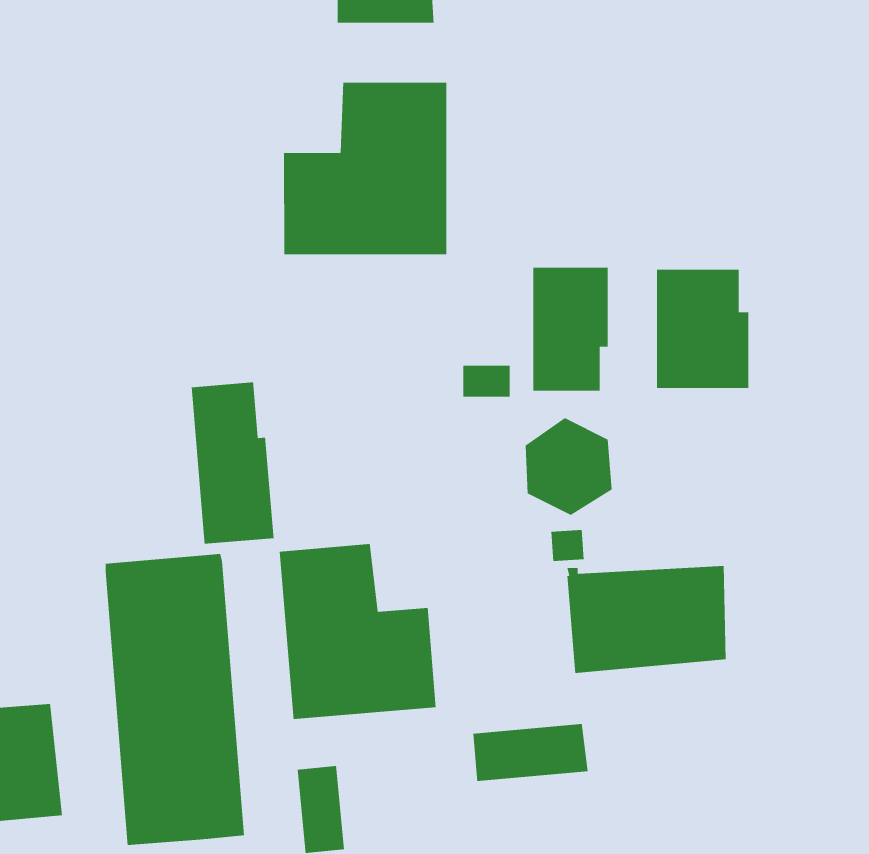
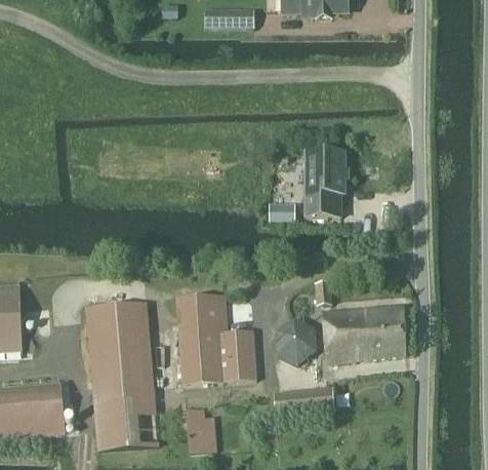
building: [284,82,447,255] -> none
building: [656,269,749,389] -> none
building: [191,382,274,545] -> none
building: [525,417,613,516] -> [275,311,320,361]

